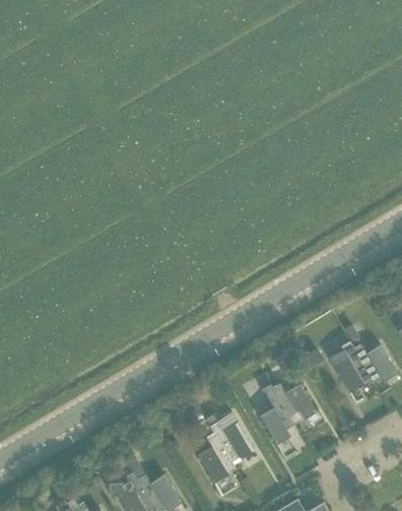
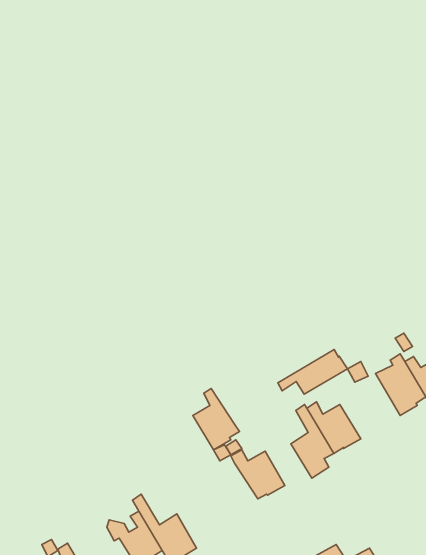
building: none -> [278,349,347,394]
building: [197,433,236,484] -> [193,388,239,450]

